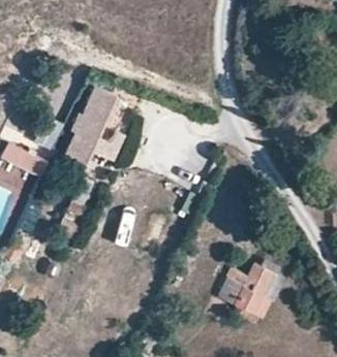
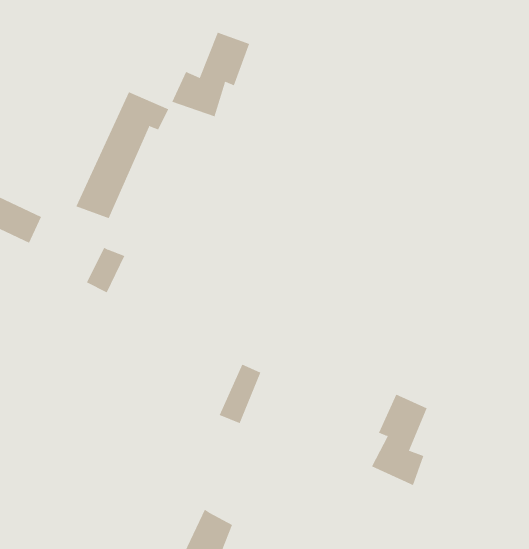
building: none -> [172,32,250,117]

